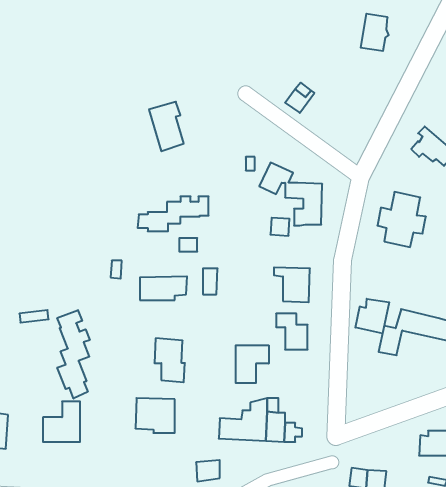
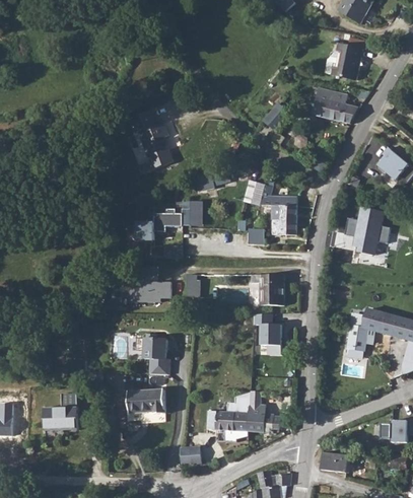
building: none -> [300,88,353,122]
building: [355,299,389,333] -> none
building: [57,310,90,399] -> none
building: [236,345,269,383] -> none

